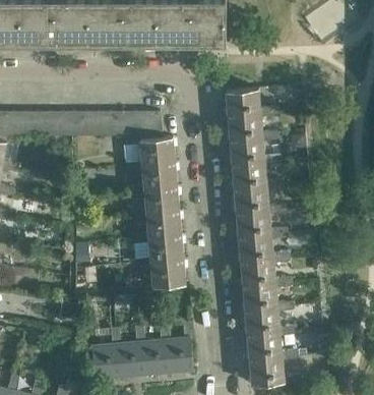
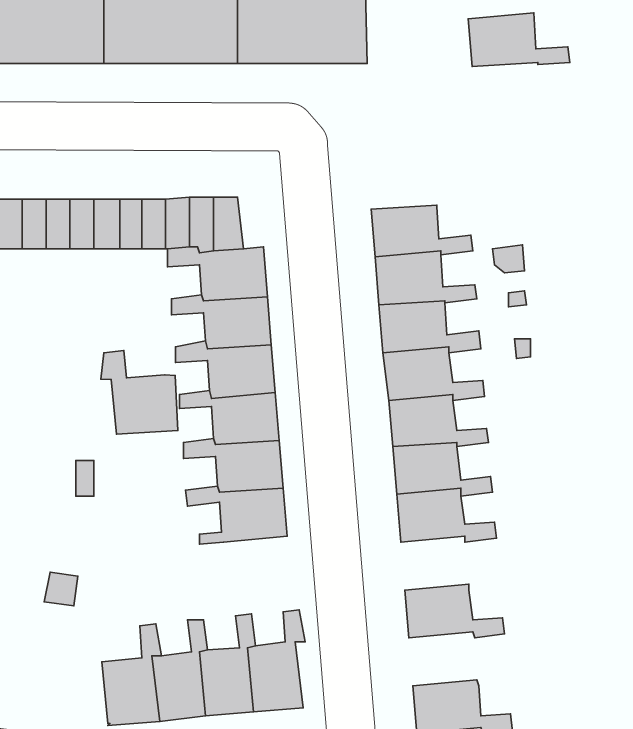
building: [226,92,277,119] -> [468,13,570,67]
building: none -> [101,350,178,434]
building: [243,286,294,314] -> none
building: [247,335,298,362] -> none

